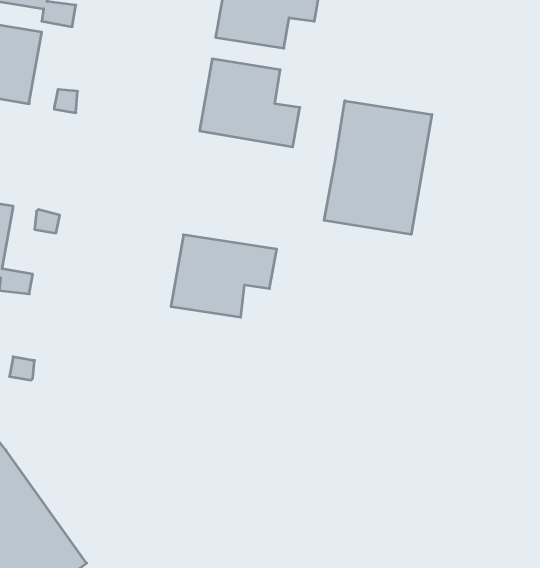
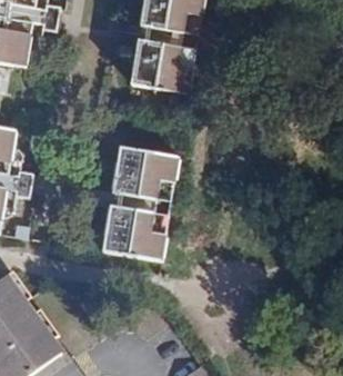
building: [324,101,432,234] -> none
building: none -> [103,205,165,259]

